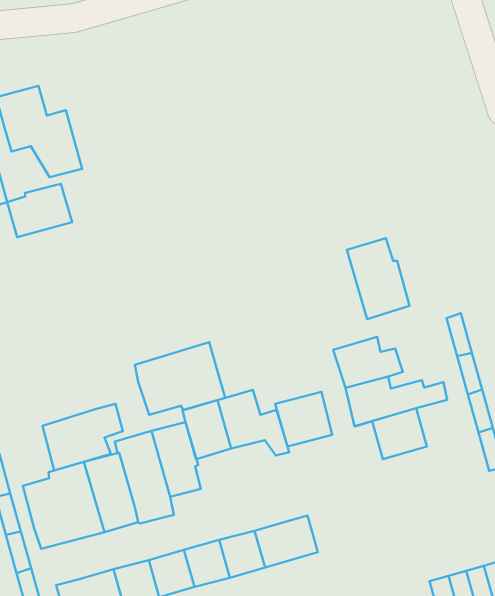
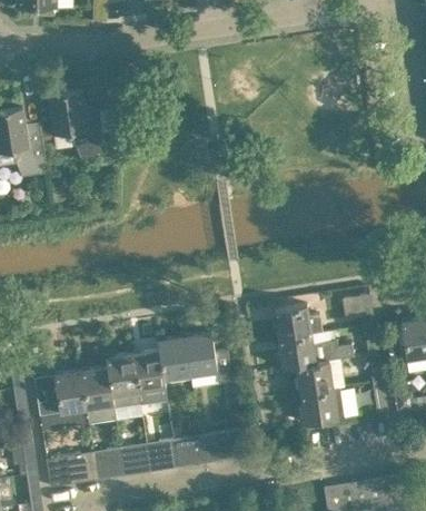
building: [7,184,72,237] -> none
building: [347,238,410,319] -> none
building: [135,342,225,415] -> none
building: [275,392,332,446] -> none
building: [43,404,123,470] -> none
building: none -> [300,387,344,423]

